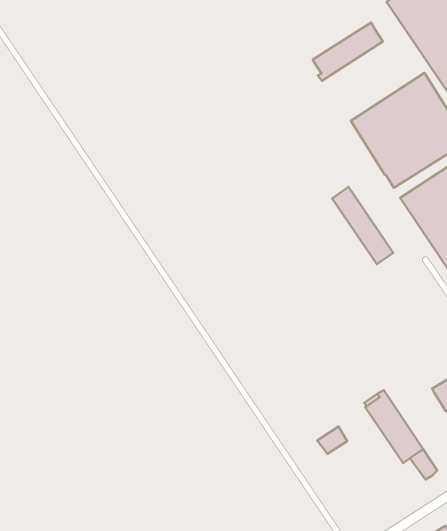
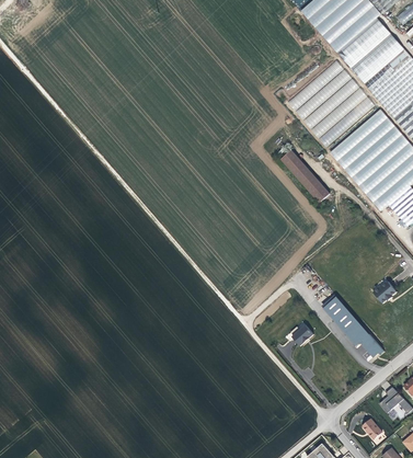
building: [313,22,383,81] -> none

